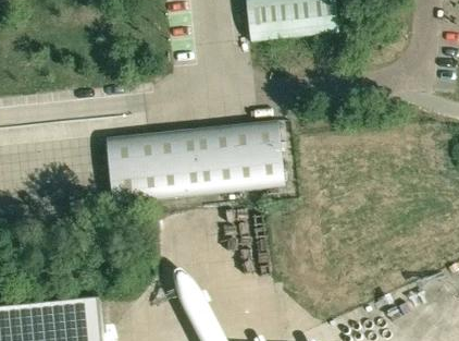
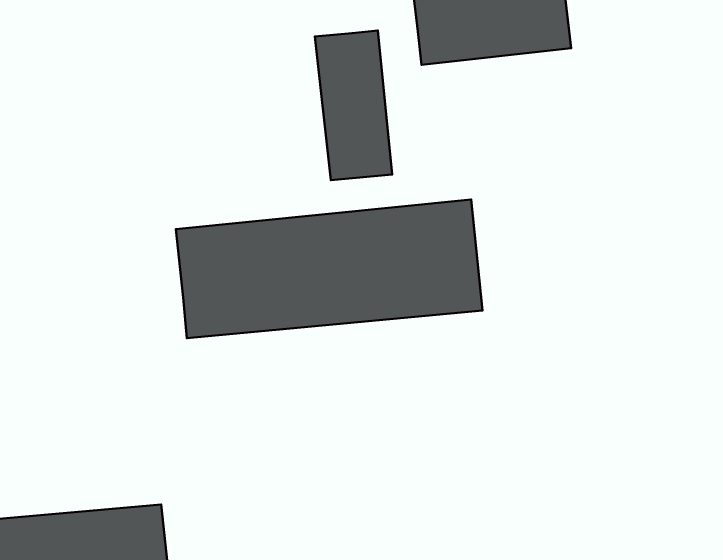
building: none -> [315,30,392,180]

